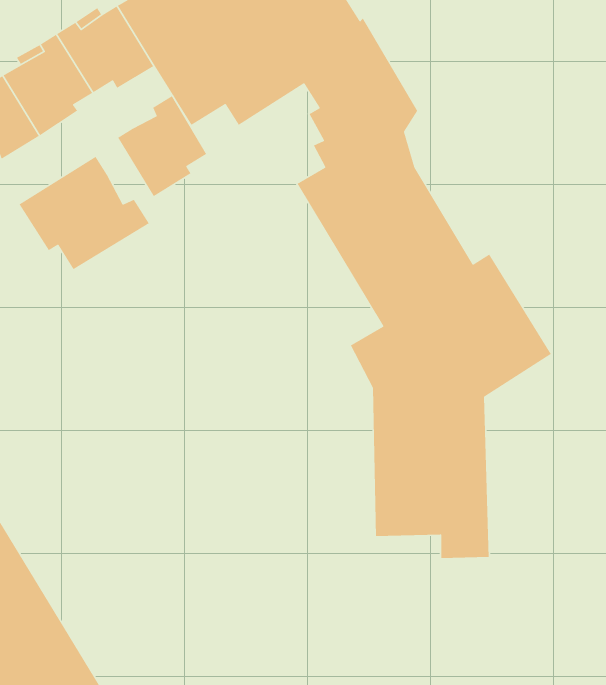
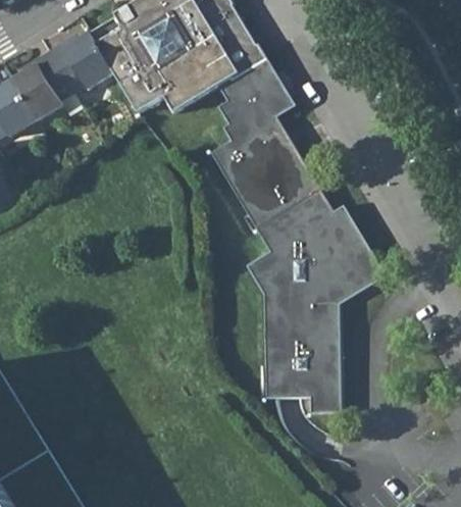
building: [117,95,207,197] -> none
building: [18,156,150,270] -> none

